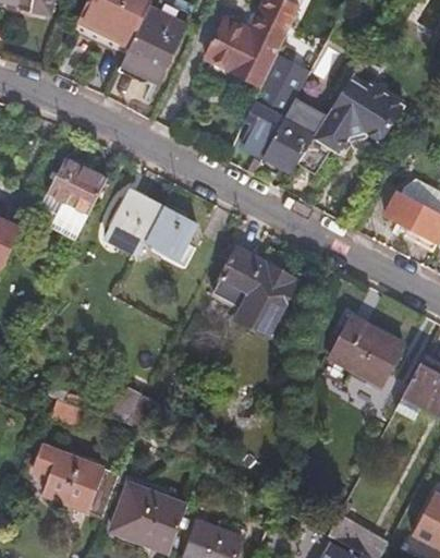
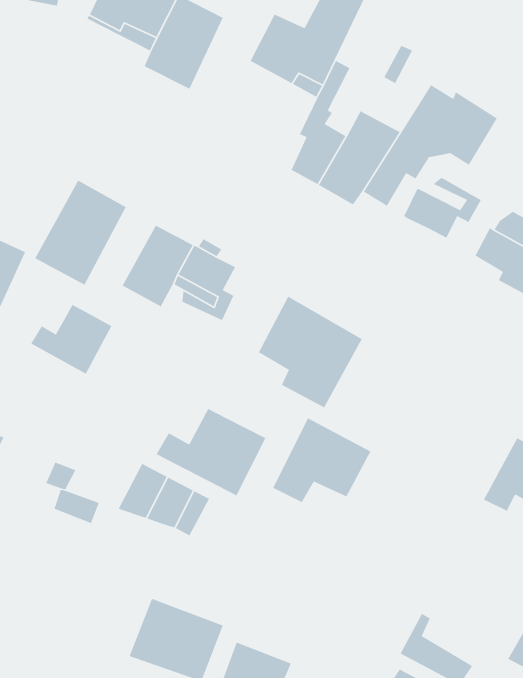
building: none -> [403,177,482,239]
building: none -> [30,304,113,375]
building: [320,315,400,384] -> [272,417,372,503]
building: none -> [155,408,266,497]
building: [32,450,117,522] -> none

